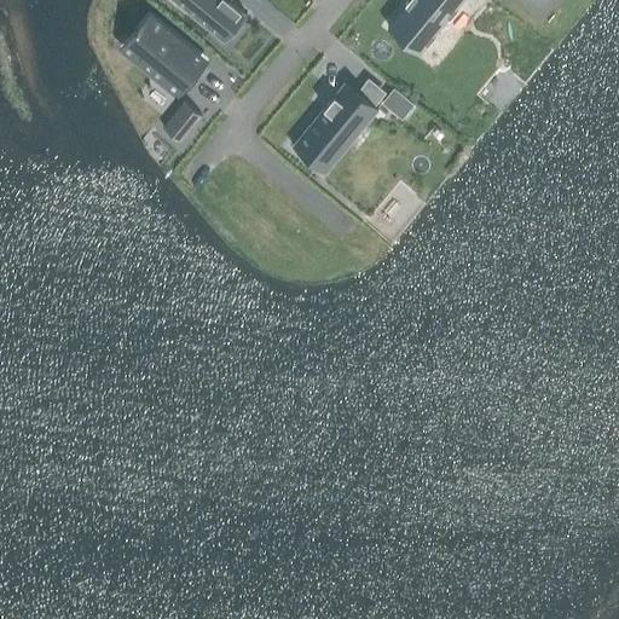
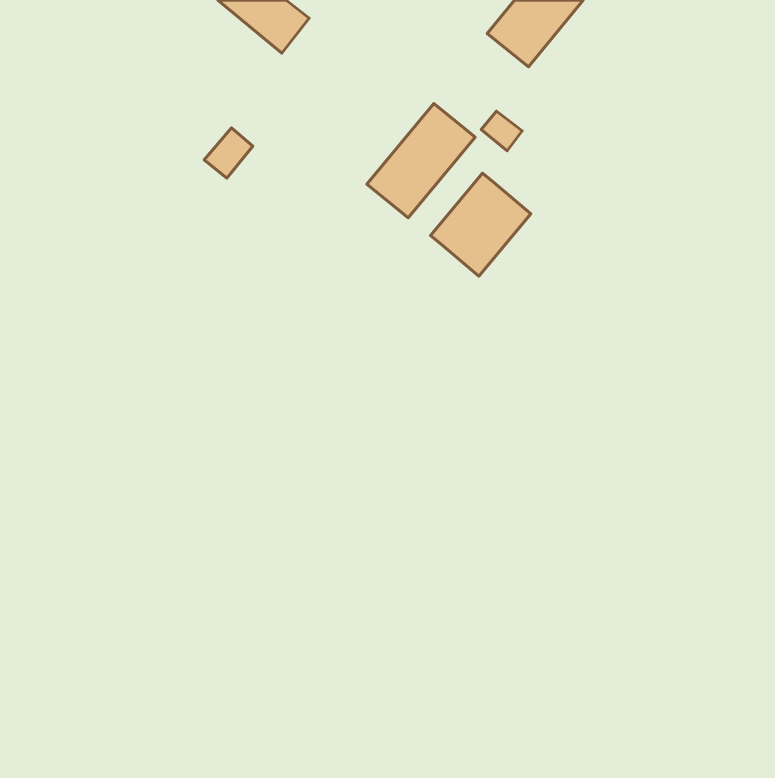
building: [121,12,210,97] -> none
building: none -> [431,173,531,276]

